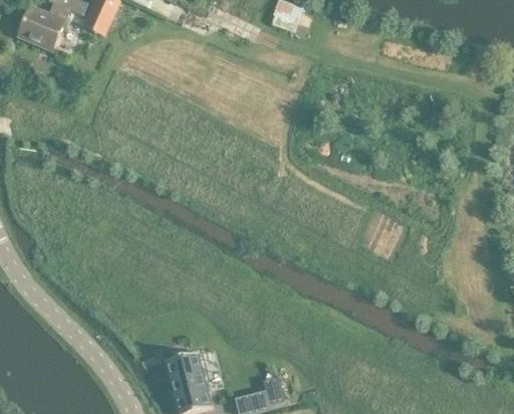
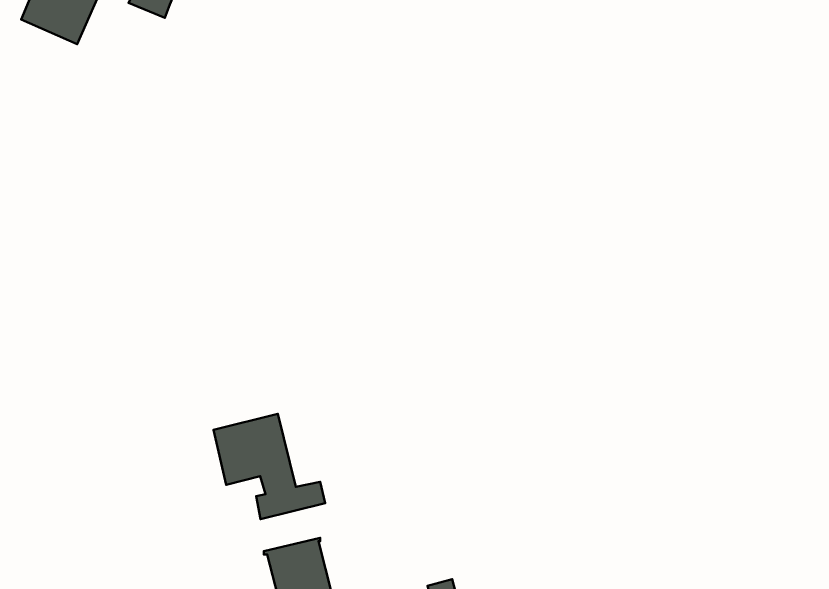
building: none -> [213,414,325,519]

